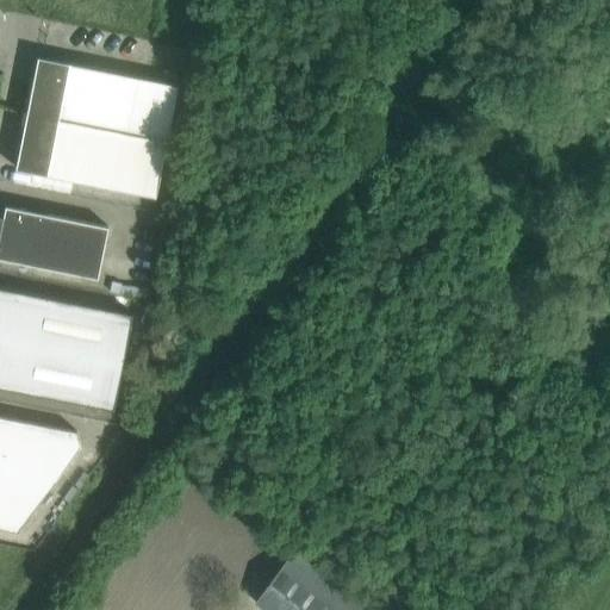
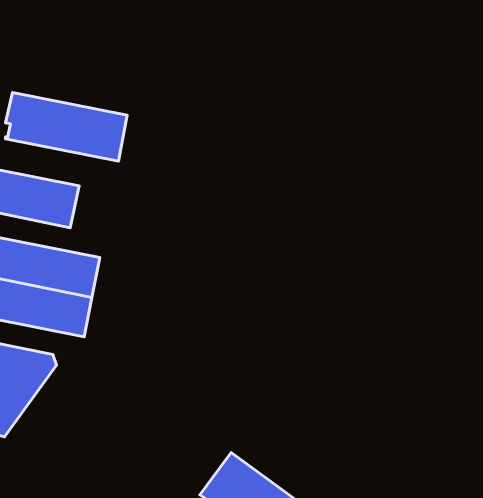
building: [25,60,176,143] -> none

